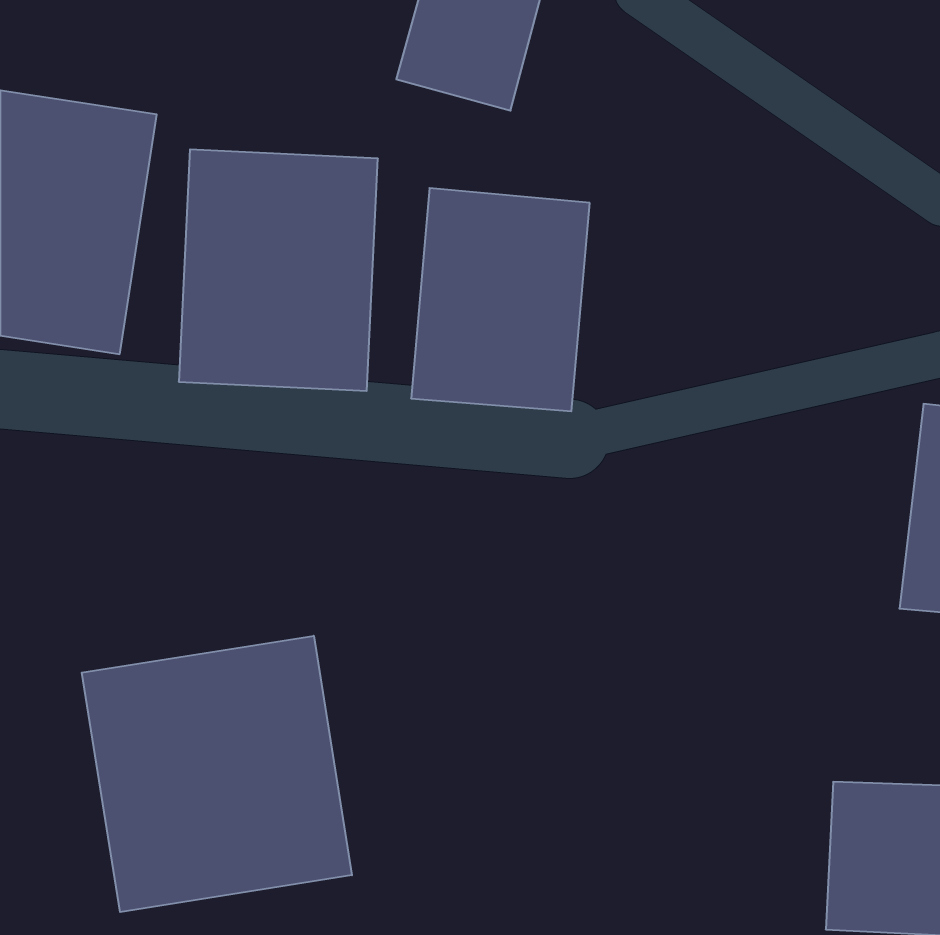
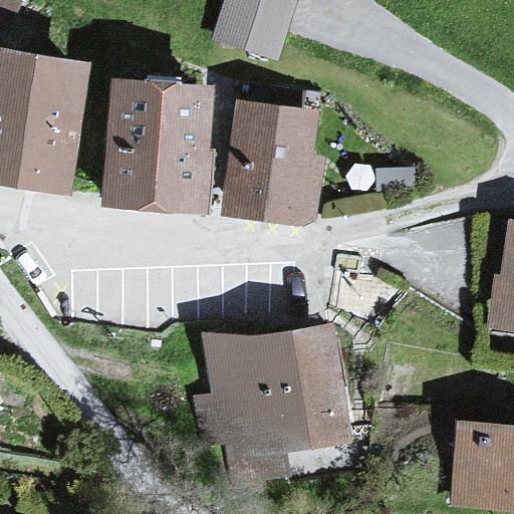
building: none -> [209,320,353,459]
building: [82,636,352,912] -> none

